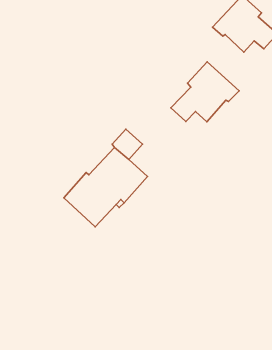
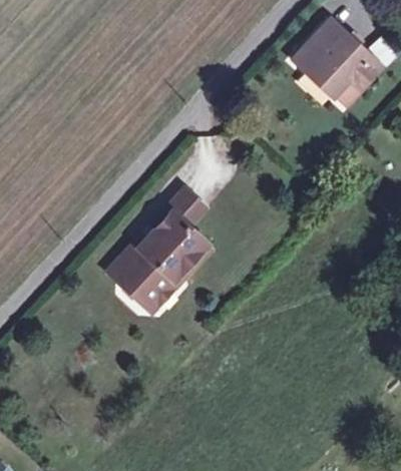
building: [171,62,239,122] -> none

